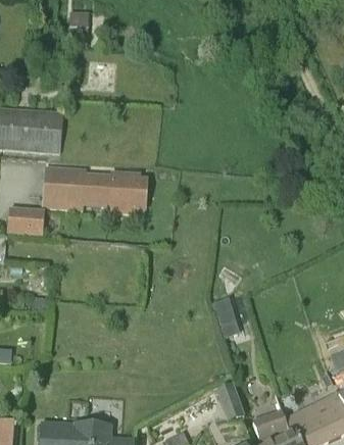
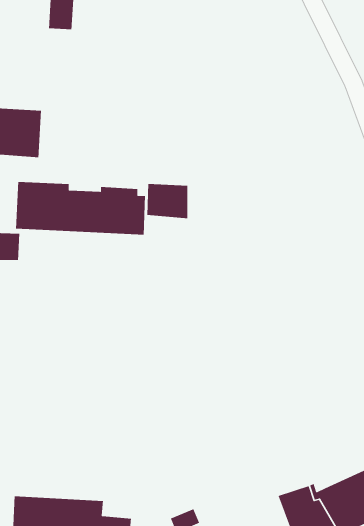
building: none -> [146,183,188,219]
building: [212,297,241,338] -> none
building: [215,381,243,421] -> none

